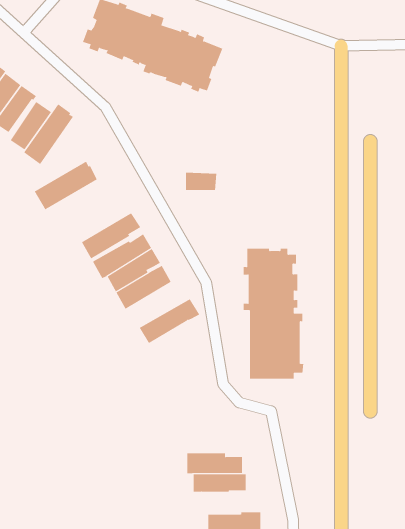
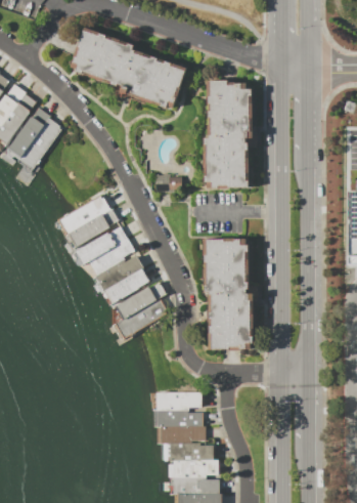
building: none -> [203,79,252,188]
building: [34,161,97,210] -> [57,194,110,235]
building: none -> [105,267,150,303]
building: none -> [117,298,169,338]
building: none -> [157,392,204,410]
building: none -> [169,443,214,461]

